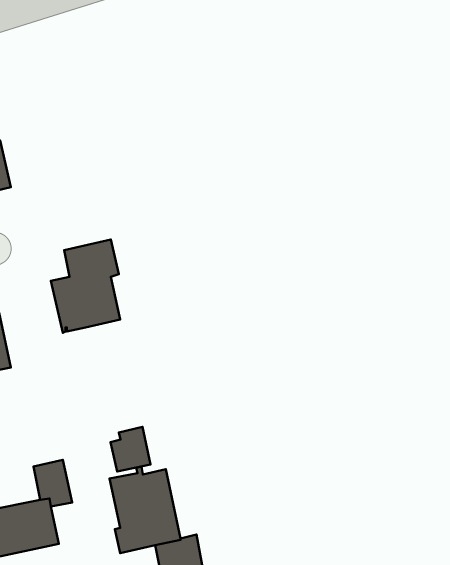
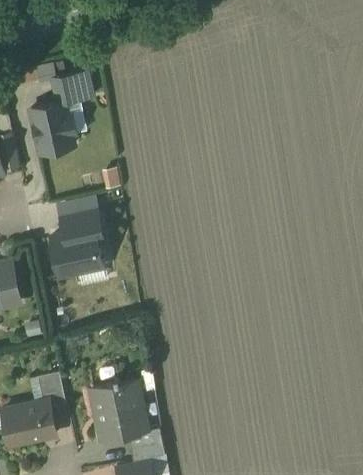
building: none -> [34,75,95,161]
building: [110,427,150,471] -> none

